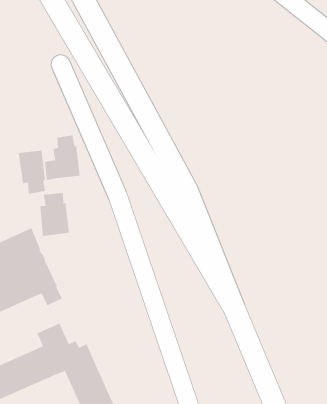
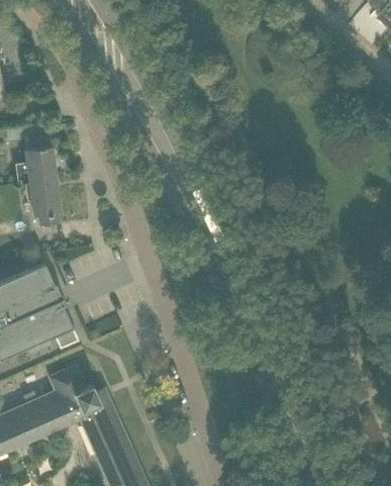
building: [44,135,81,180] -> [16,135,56,185]
building: [40,192,69,237] -> none

